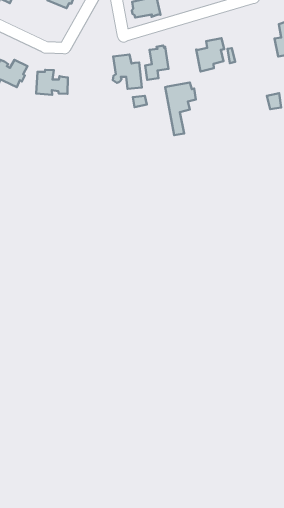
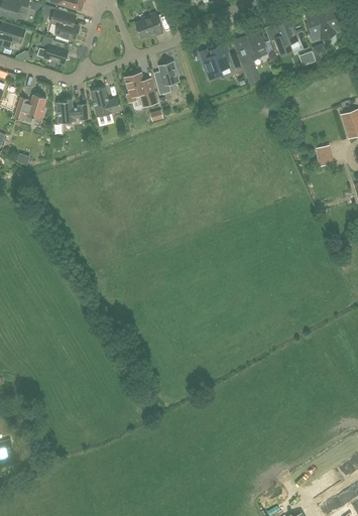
building: none -> [44,38,69,62]
building: none -> [90,86,121,116]
building: [165,82,196,135] -> [234,30,264,82]

